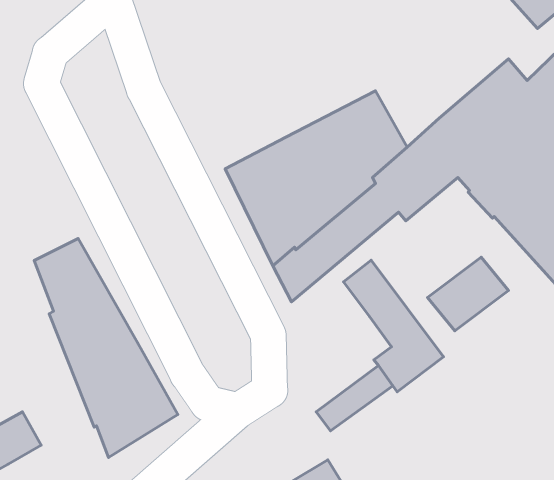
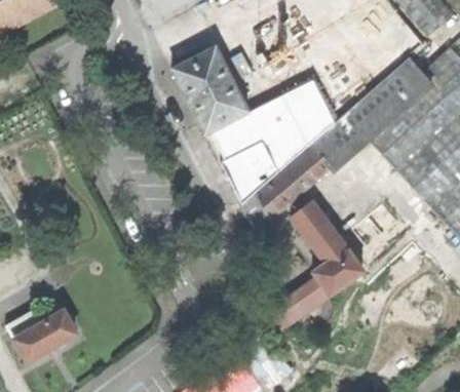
building: none -> [171,42,250,134]
building: [34,239,178,457] -> none

